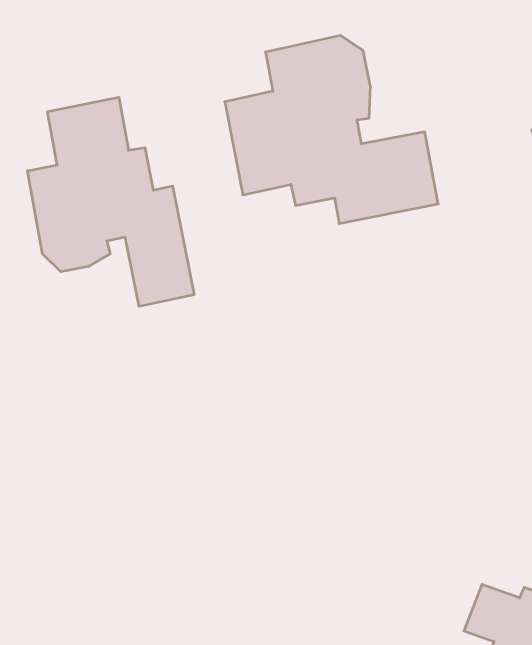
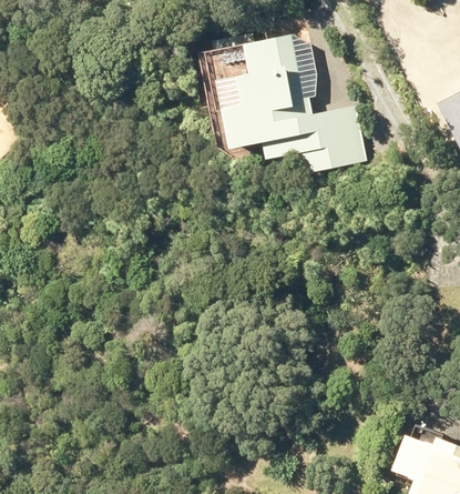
building: [27,97,194,306] -> none

